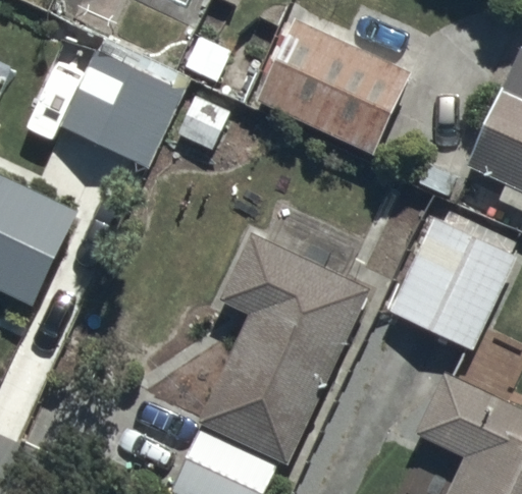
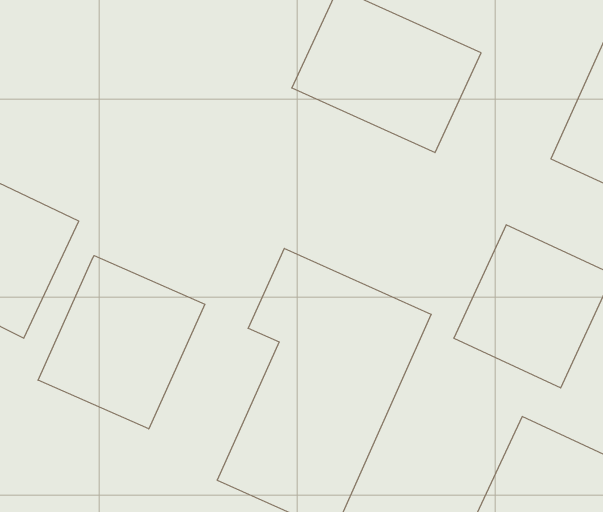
building: [62,50,173,161] -> none
building: none -> [38,256,205,429]

